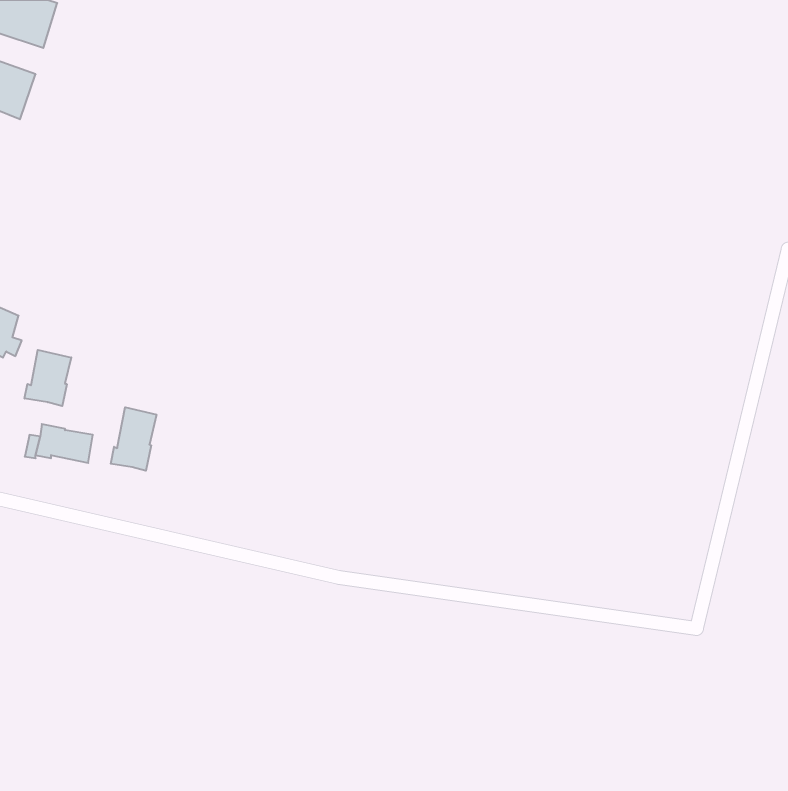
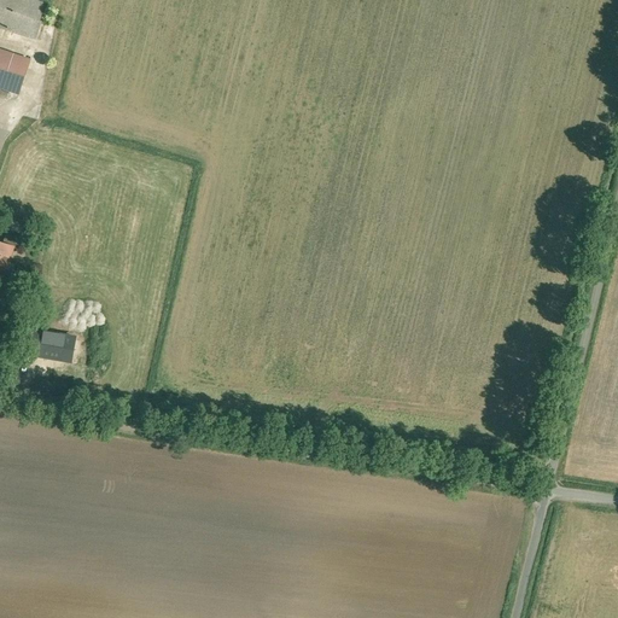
building: [25,350,71,406] -> none
building: [111,407,156,471] -> none

